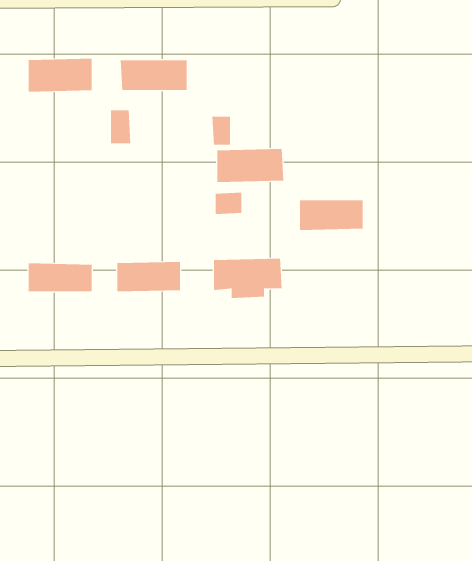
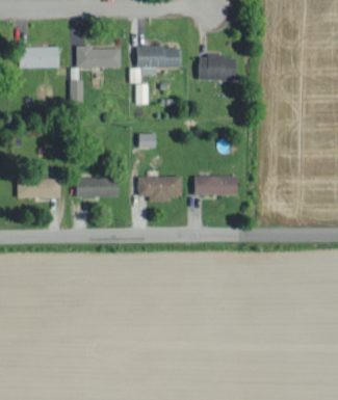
building: none -> [199,55,235,79]
building: [216,149,284,182] -> [136,46,180,68]
building: [299,200,364,230] -> [194,176,236,195]

